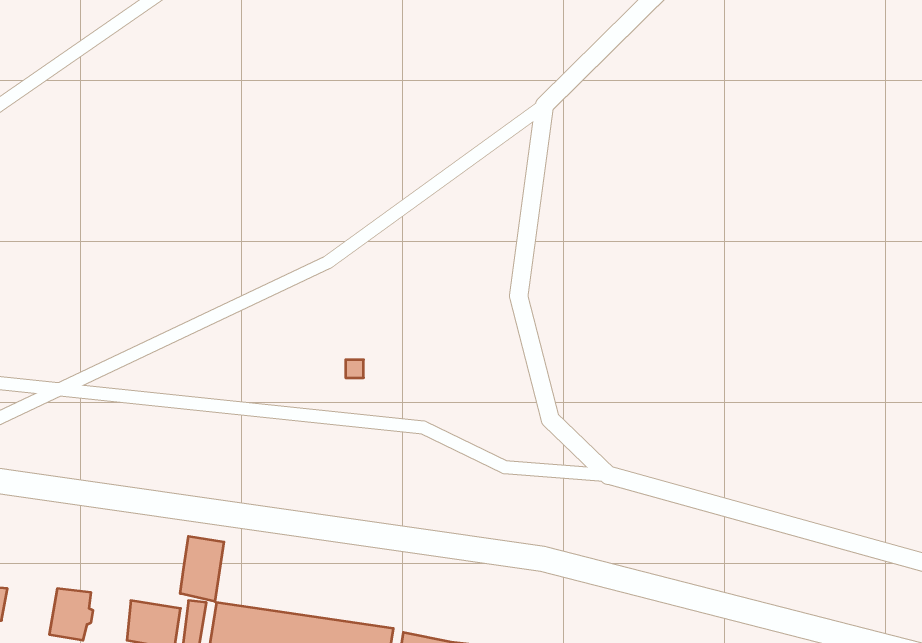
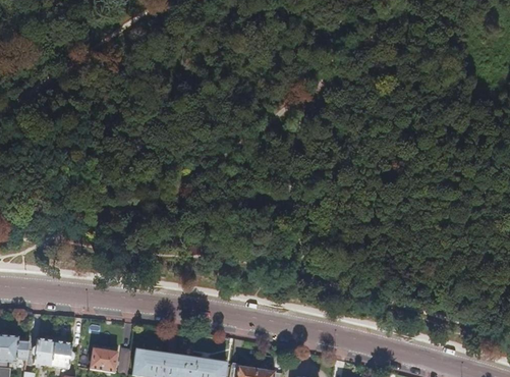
building: [180,536,224,602] -> none
building: none -> [33,338,55,365]

